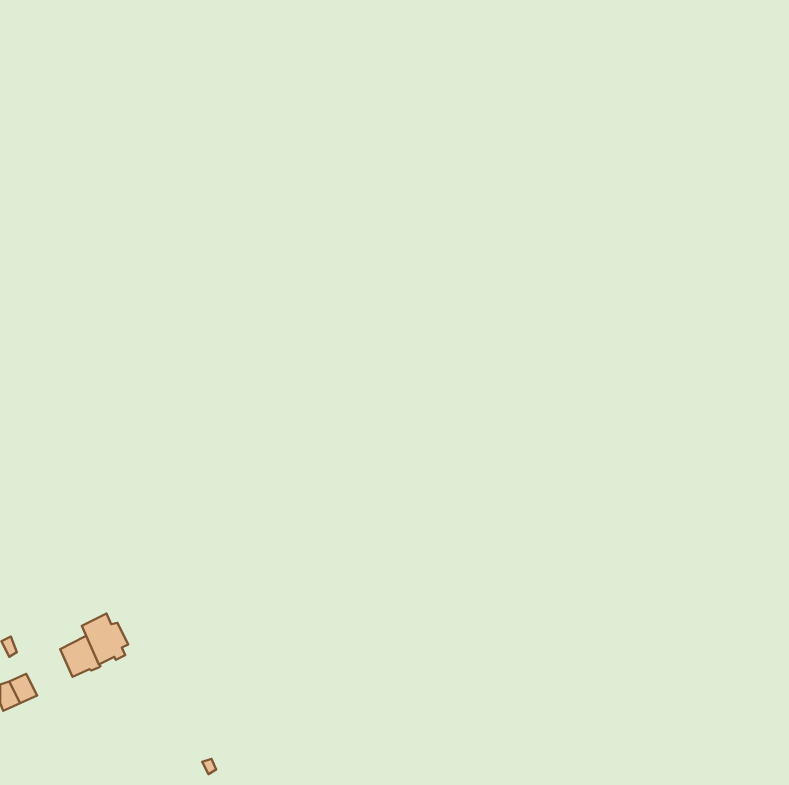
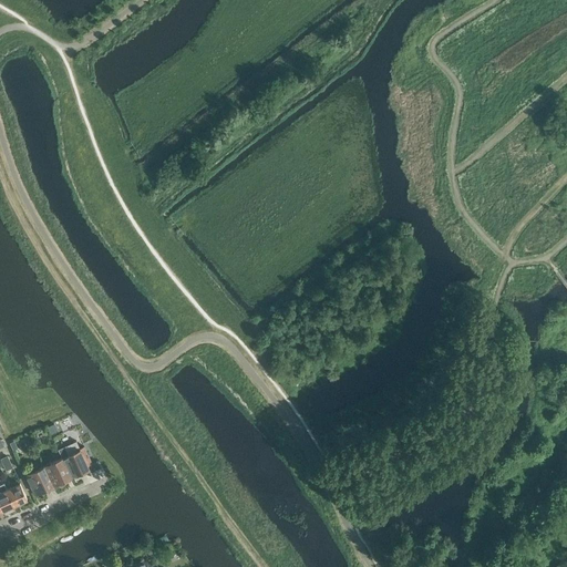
building: none -> [24,468,53,496]

